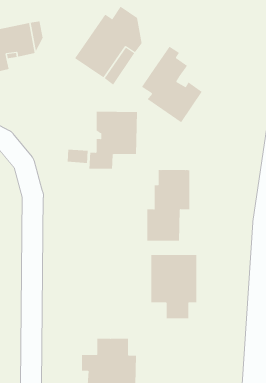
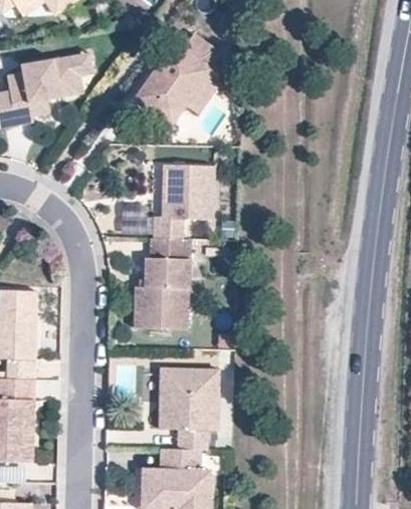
building: [141,46,202,123] -> none
building: [147,170,190,241] -> [133,237,187,326]
building: [150,255,197,319] -> [159,367,217,448]

